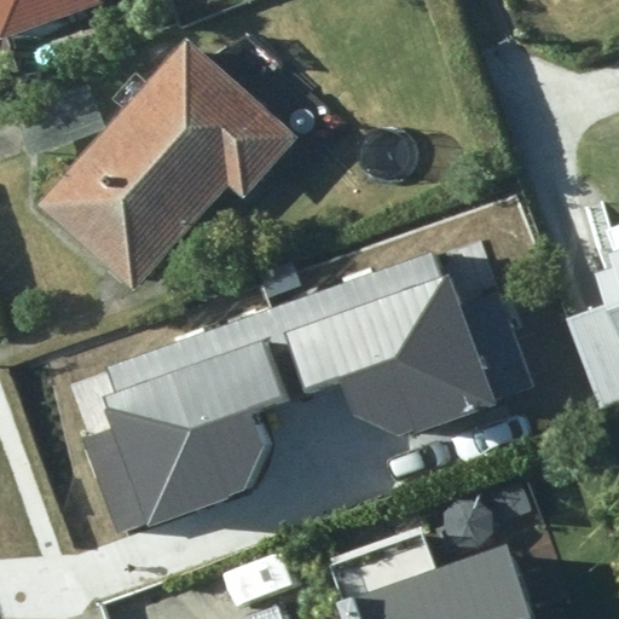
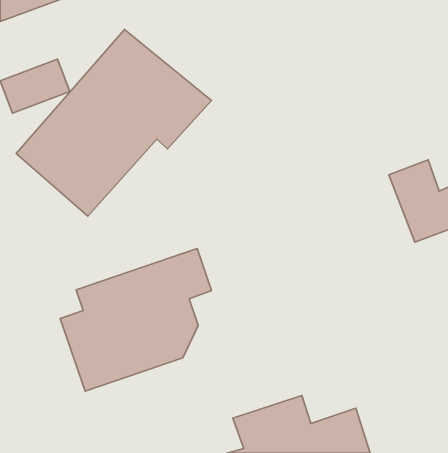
building: [299,267,509,432] -> none

